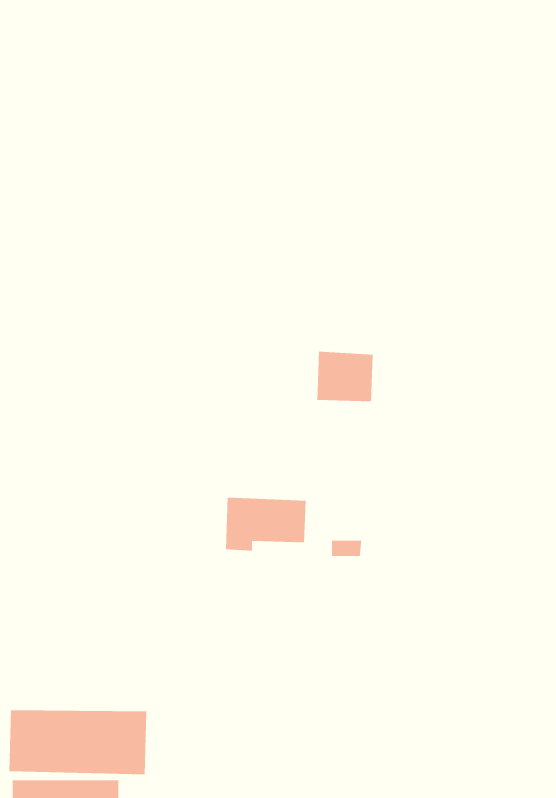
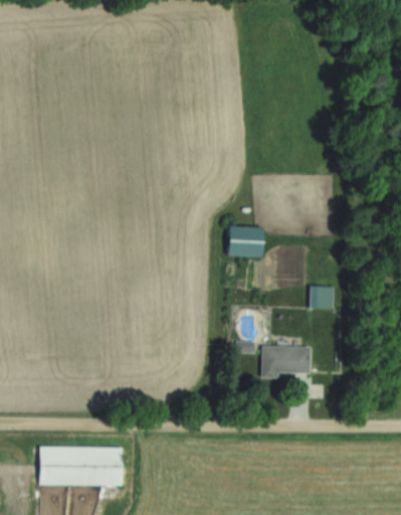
building: none -> [310,286,336,309]
building: [225,497,307,551] -> [261,345,312,378]

